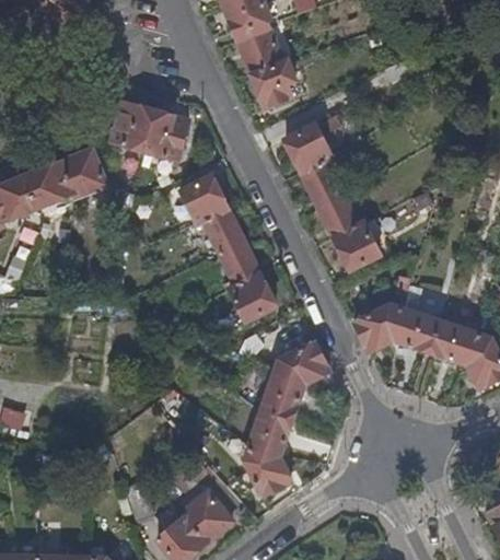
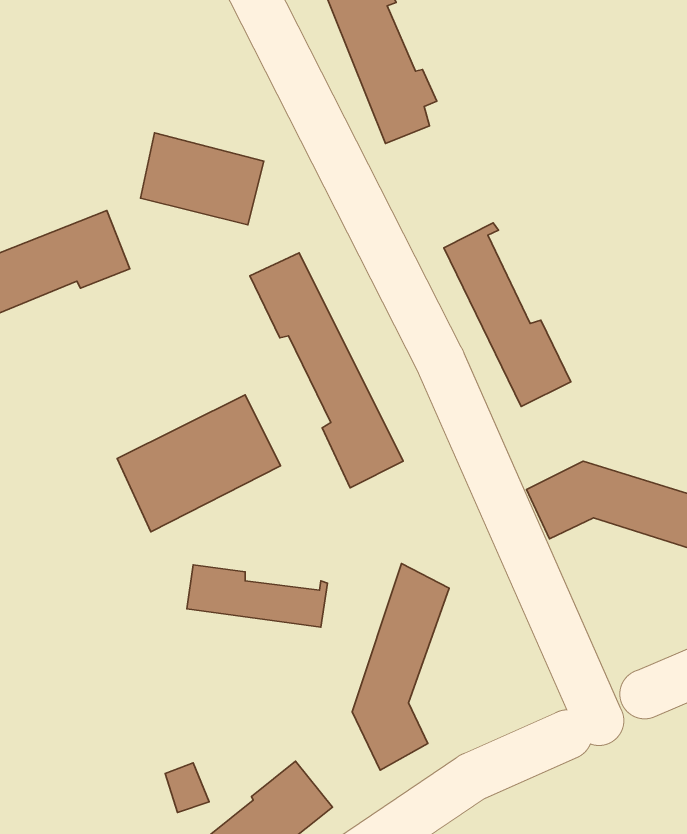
building: [284,124,332,172] -> none
building: none -> [117,395,281,532]
building: [275,339,329,383] -> none
building: none -> [187,565,327,627]

